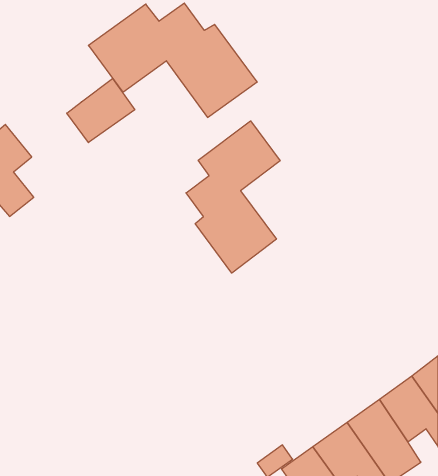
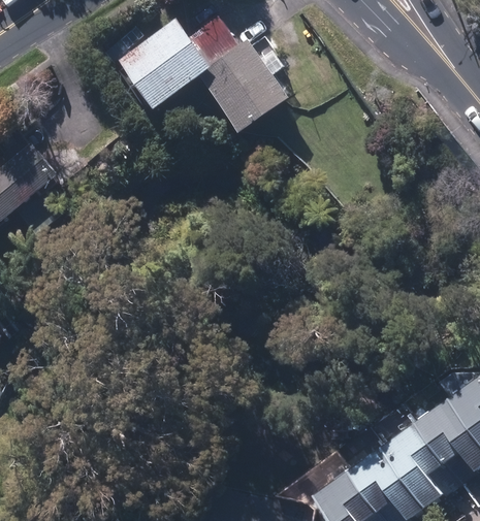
building: [67,78,135,143] -> none
building: [186,121,280,273] -> none

